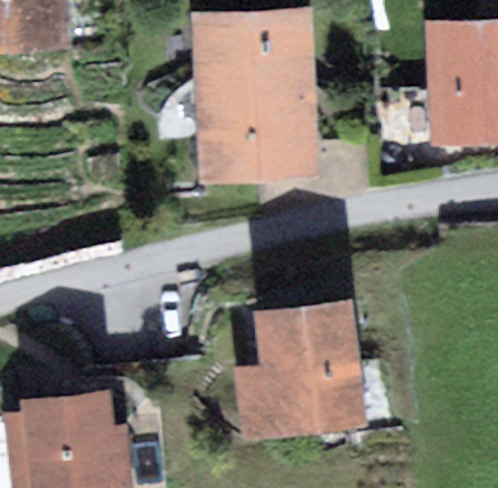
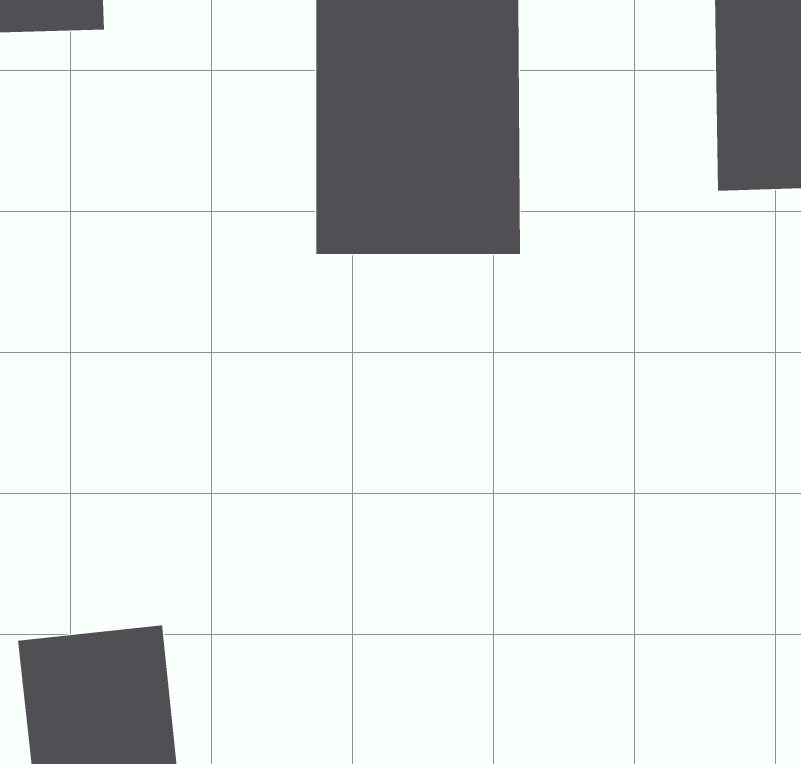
building: [232,297,367,440] -> none

